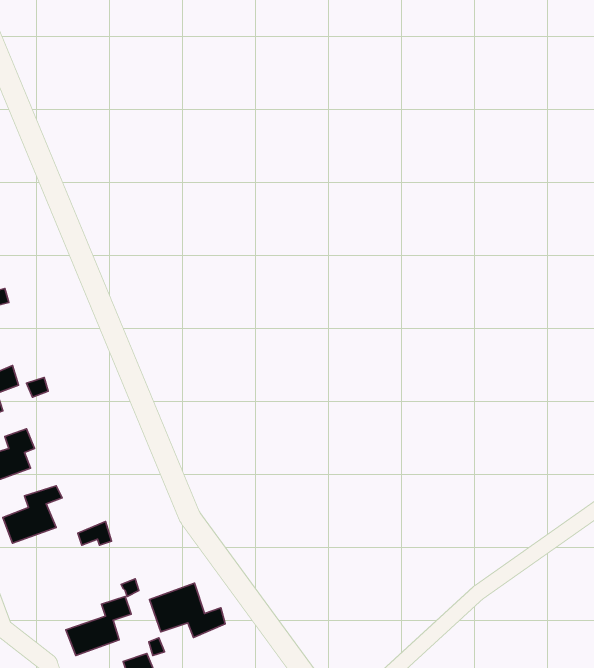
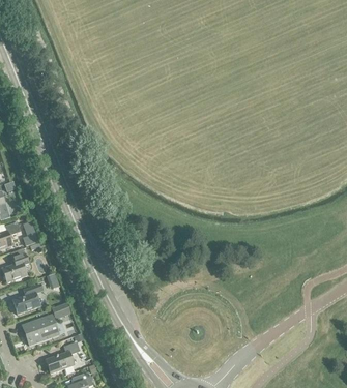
building: none -> [21,314,57,344]
building: [150,583,225,637] -> none

